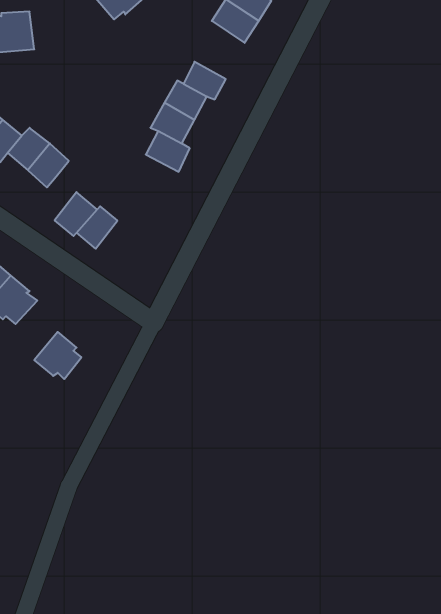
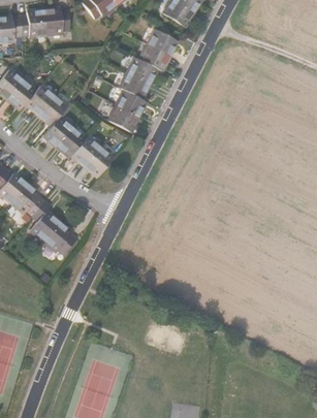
building: none -> [40,7,66,34]
building: none -> [149,27,177,54]
building: none -> [108,103,138,130]
building: none -> [43,118,71,147]
building: none -> [84,147,113,176]
building: none -> [30,199,59,238]

